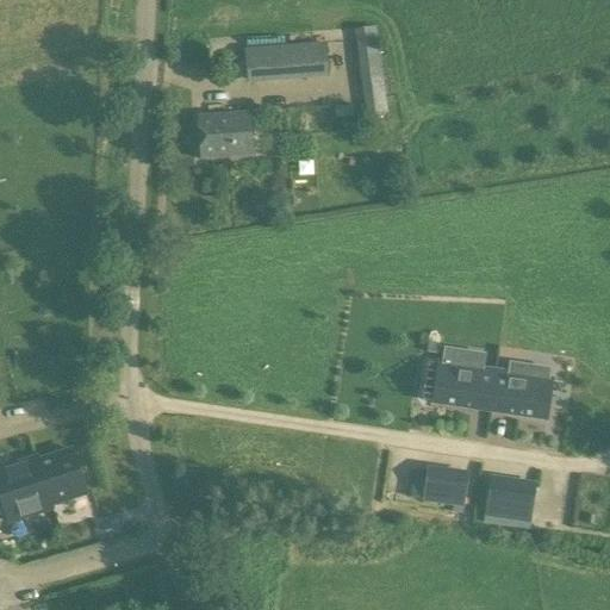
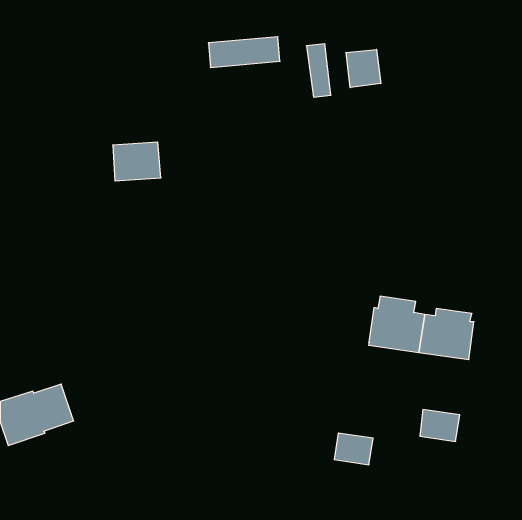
building: none -> [346,49,381,88]
building: [198,112,254,157] -> [113,142,161,181]
building: [422,468,467,505] -> [334,433,373,465]

